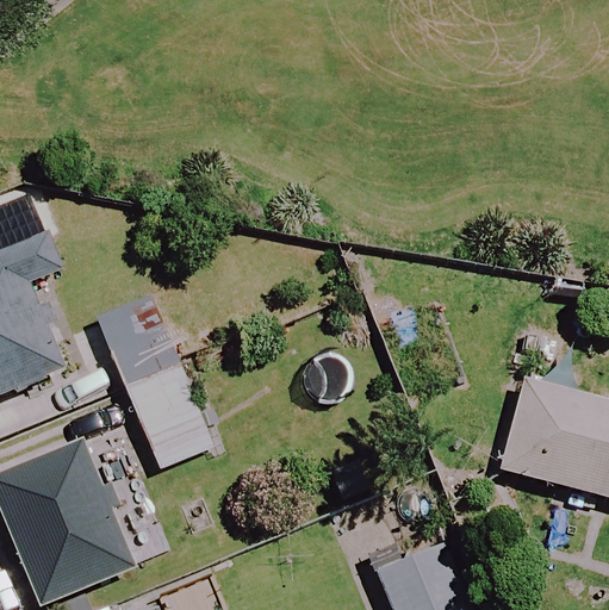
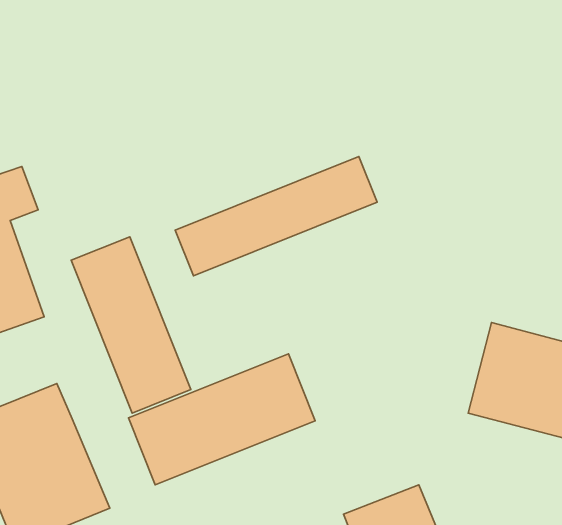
building: none -> [175,157,377,276]
building: none -> [128,354,315,485]

